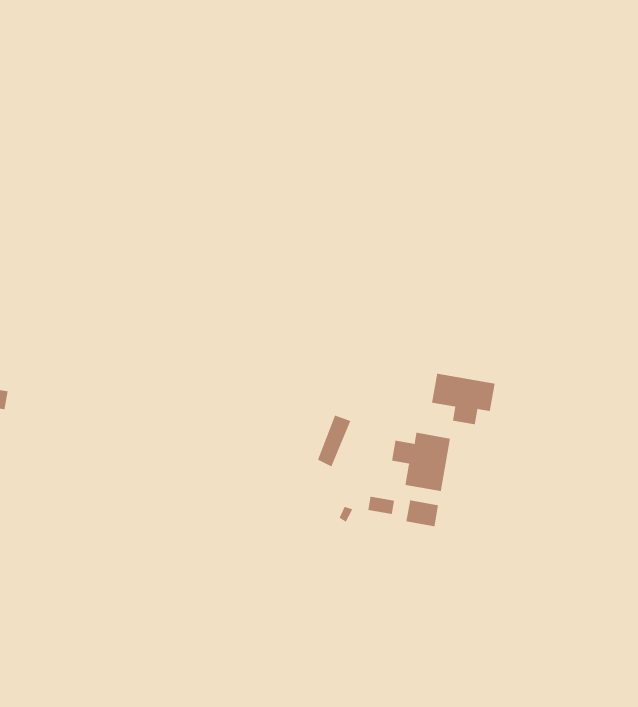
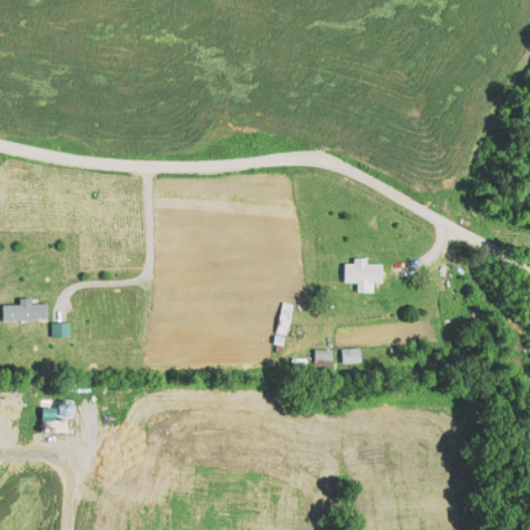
building: [391,432,451,492] -> none

